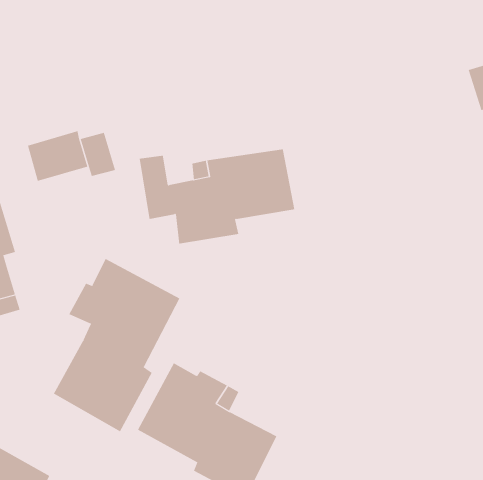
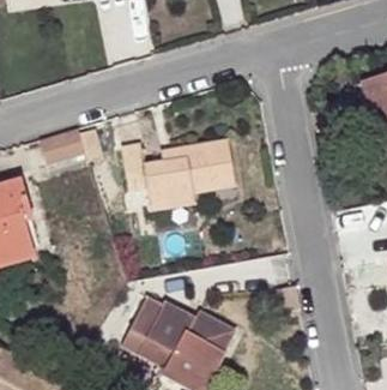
building: [53,258,180,432] -> none

